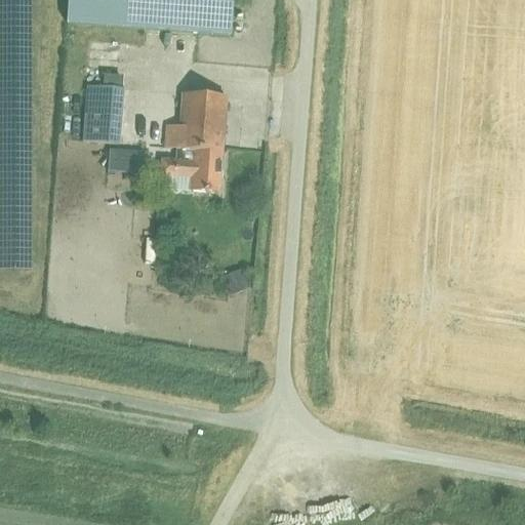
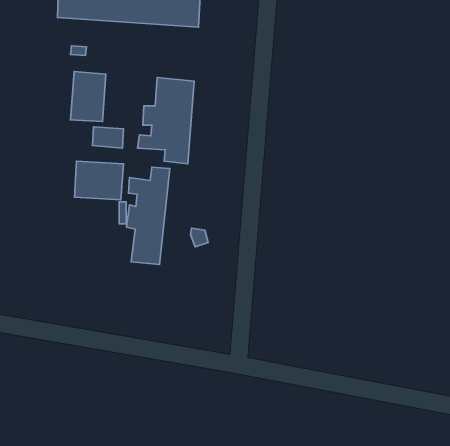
building: none -> [75,161,123,200]
building: none -> [127,167,170,264]

